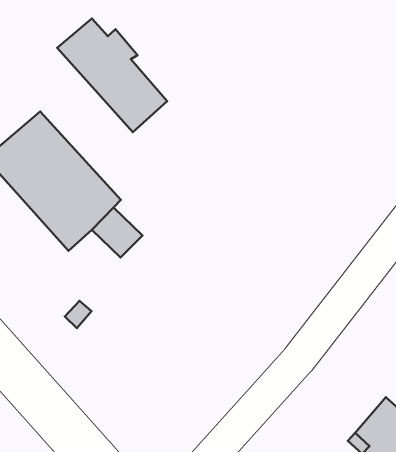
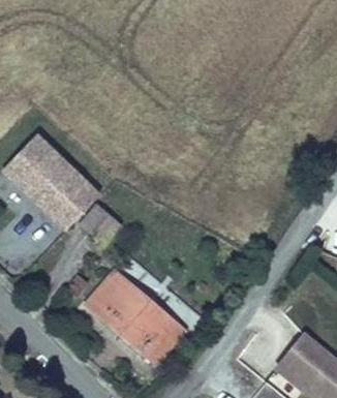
building: [57,18,167,132] -> none
building: none -> [84,269,183,362]

